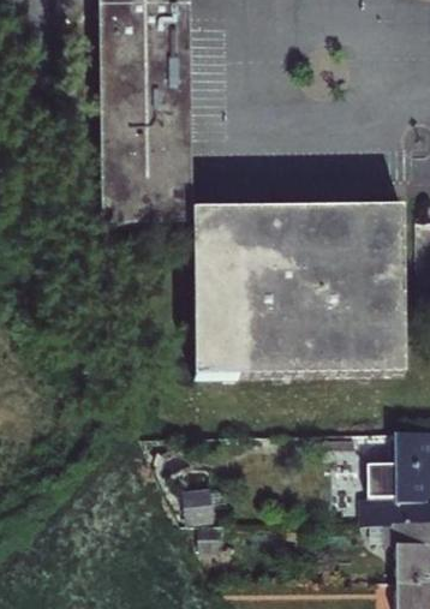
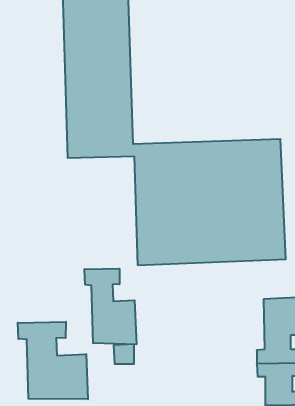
building: none -> [85,269,136,344]
building: none -> [18,322,88,399]

